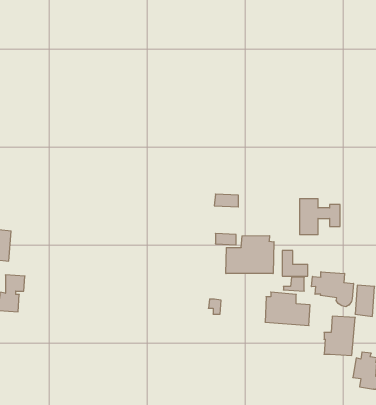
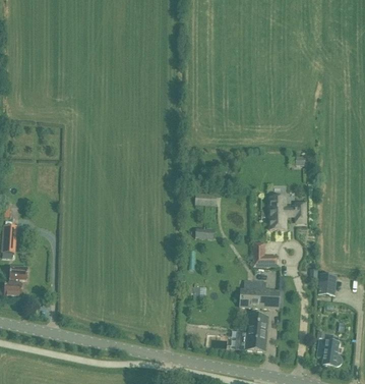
building: [226,236,274,274] -> none
building: [311,272,353,307] -> none
building: [324,316,355,355] -> [240,315,267,349]

